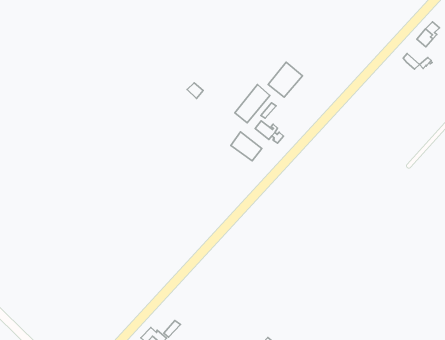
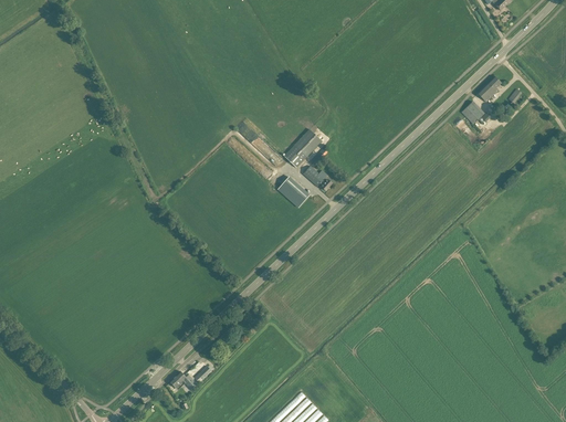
building: [268,62,302,97] -> none

